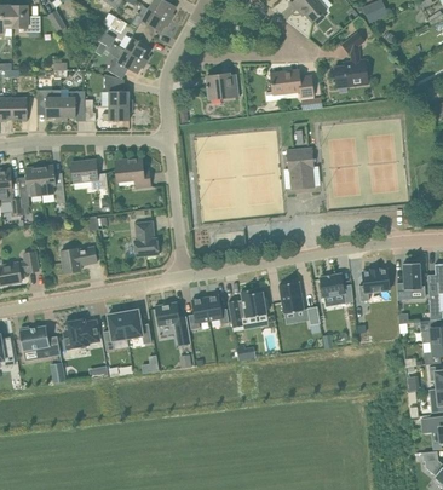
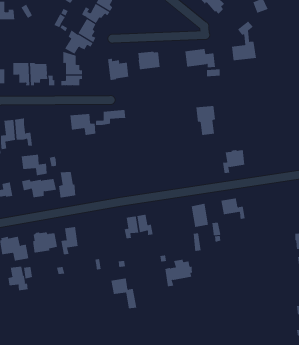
building: none -> [108,58,129,81]
building: none -> [95,109,126,126]
building: [71,160,108,189] -> [21,154,48,176]
building: [134,220,159,256] -> [58,171,76,198]
building: [397,259,421,299] -> none
building: [358,267,390,300] -> [222,150,245,174]
building: [229,288,267,325] -> [164,259,193,287]
building: [155,301,191,344] -> [110,278,137,309]
building: [123,309,151,342] -> none
building: none -> [8,266,28,291]

